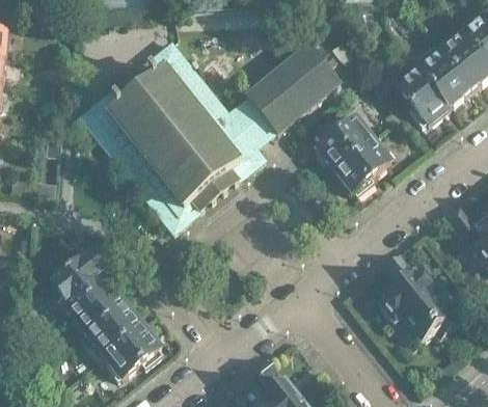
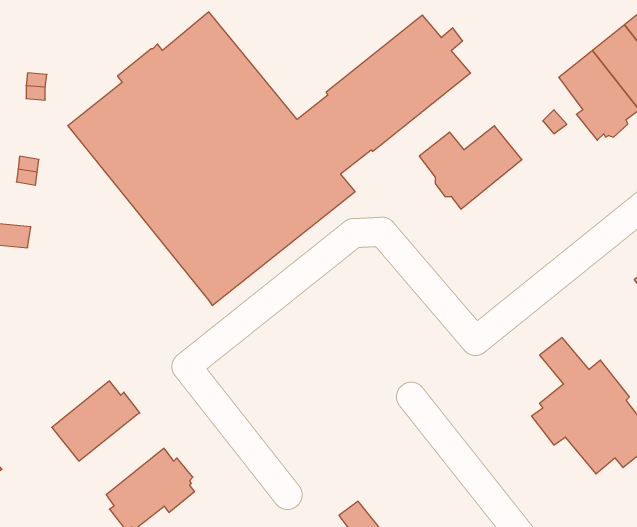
building: [334,137,391,193] -> none
building: [54,247,109,310] -> none
building: [87,302,144,354] -> none

